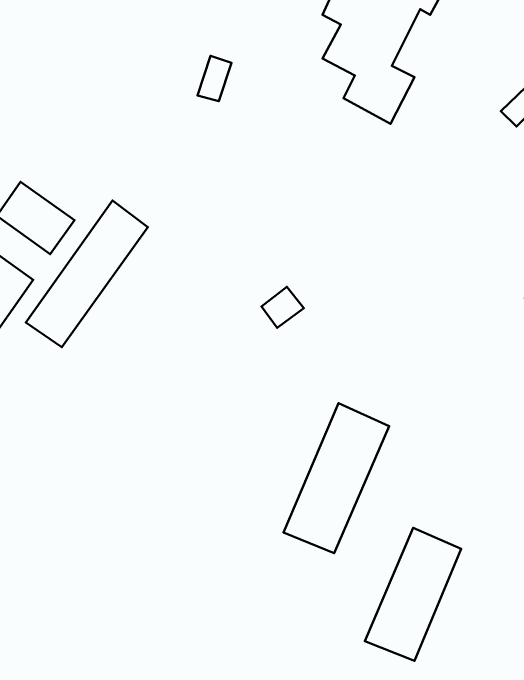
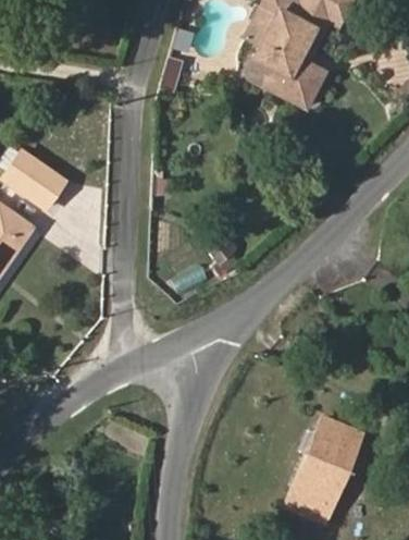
building: [26,200,148,347] -> none
building: [284,403,389,553] -> none

